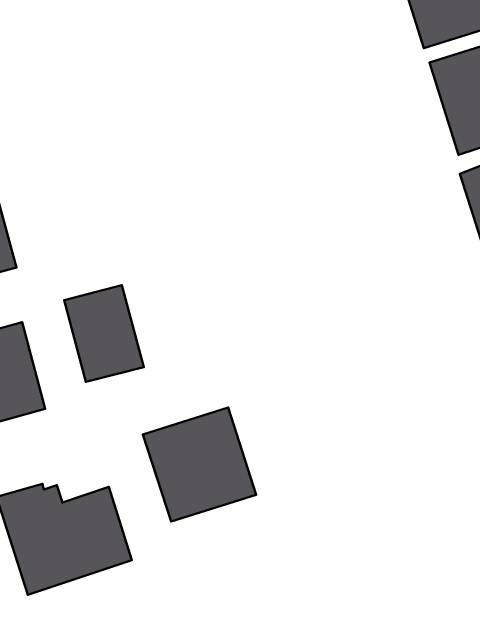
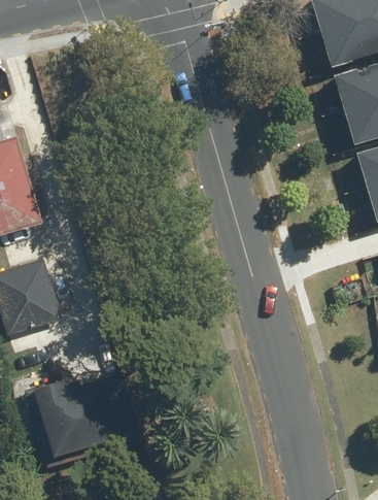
building: [64,285,144,382] -> none
building: [143,407,256,522] -> none

